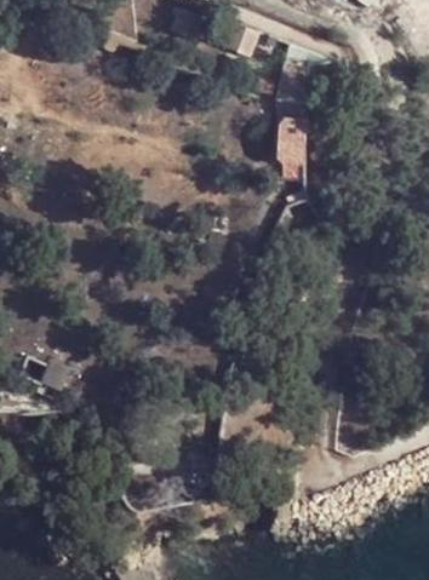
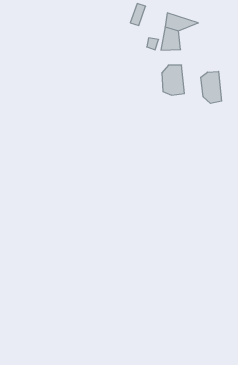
building: none -> [201,71,222,103]

